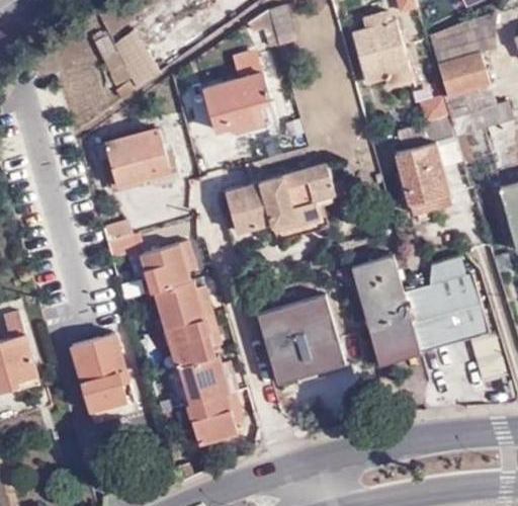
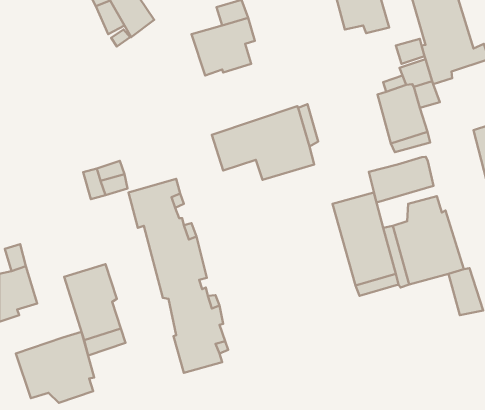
building: [103,125,167,182] -> none
building: none -> [369,157,434,203]
building: [257,293,344,382] -> none
building: none -> [16,332,94,403]

